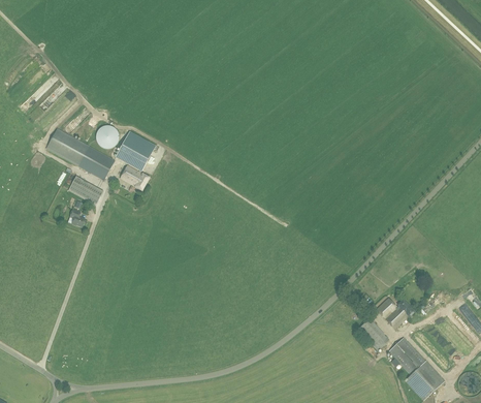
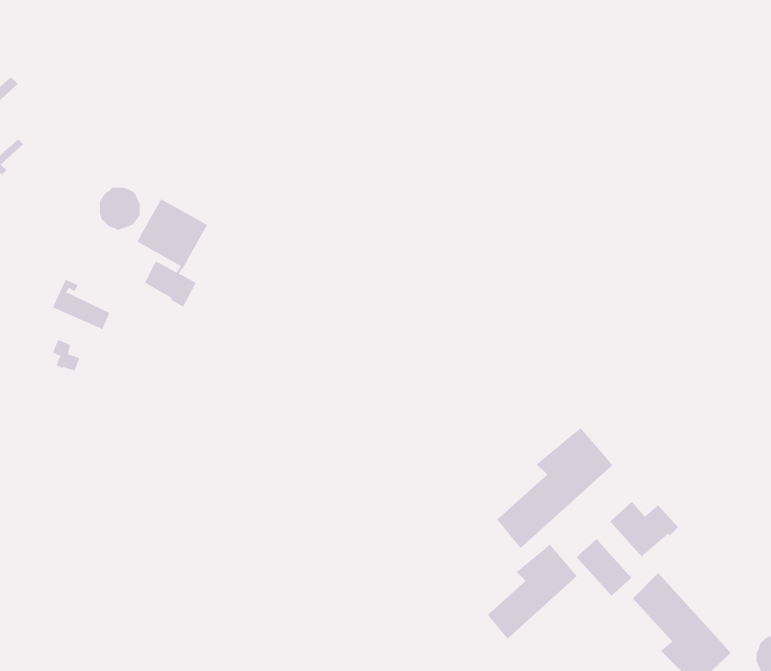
building: [45,129,114,180] -> none
building: none -> [497,427,613,549]
building: none -> [487,544,578,640]

